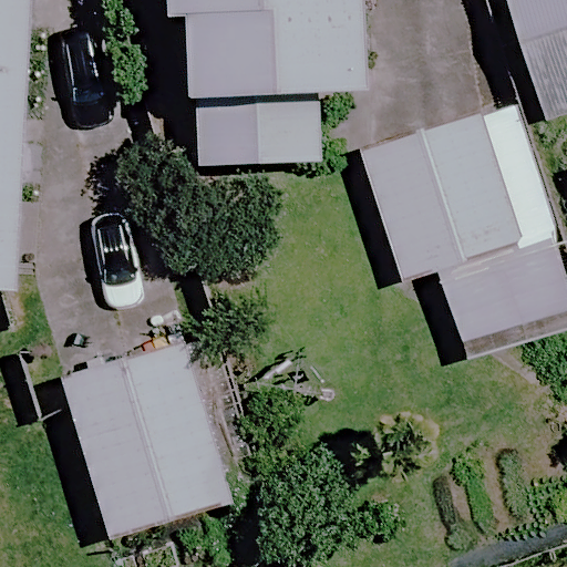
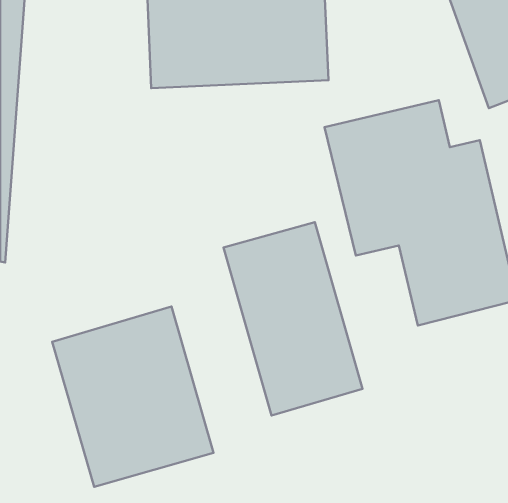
building: none -> [223,222,363,415]

